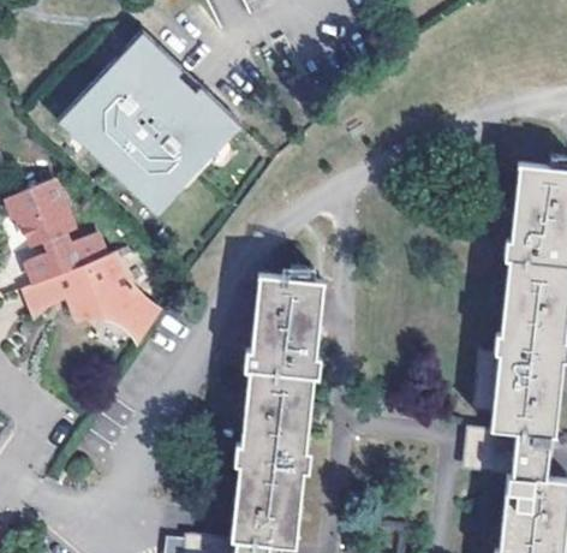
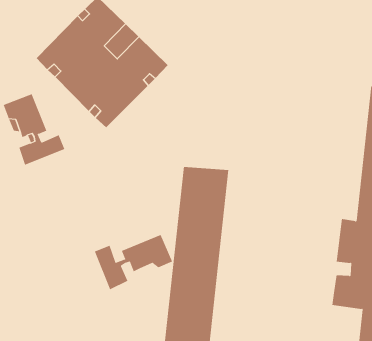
building: [29,245,156,337] -> none
building: none -> [94,234,173,290]

